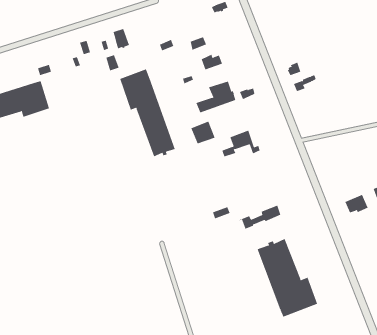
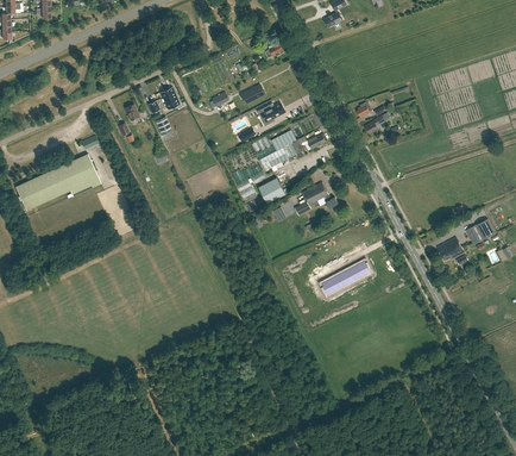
building: [119,69,176,157] -> none
building: [257,238,318,318] -> none

